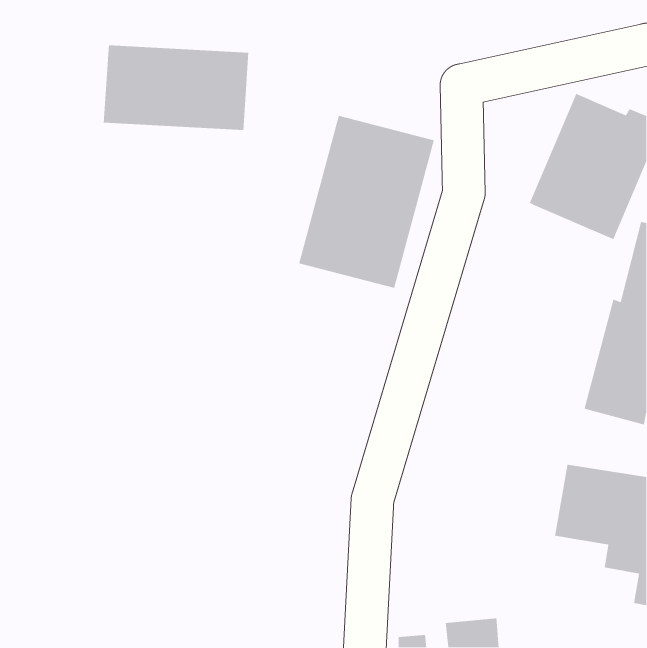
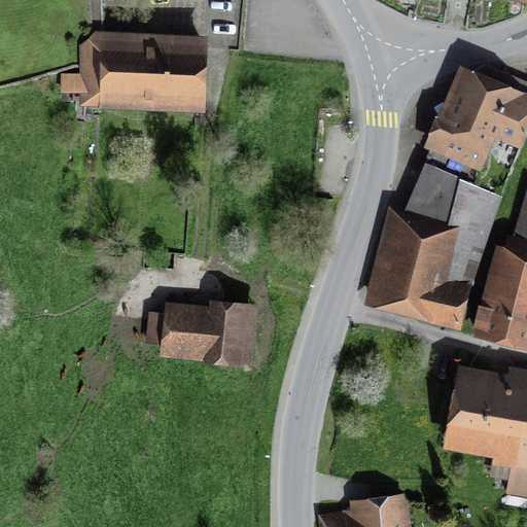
building: [298,115,435,289] -> none
building: none -> [376,167,497,328]
building: none -> [147,302,251,357]

